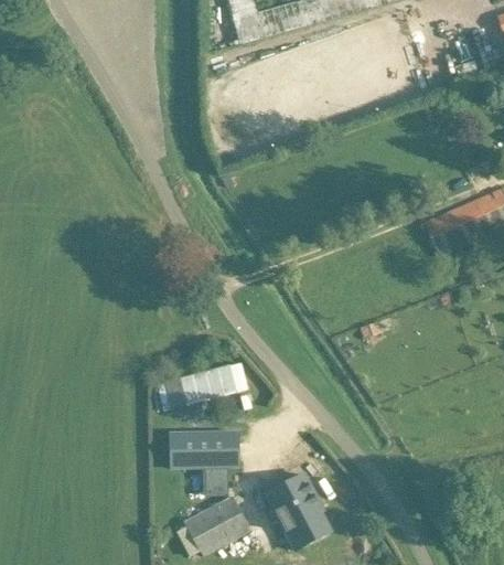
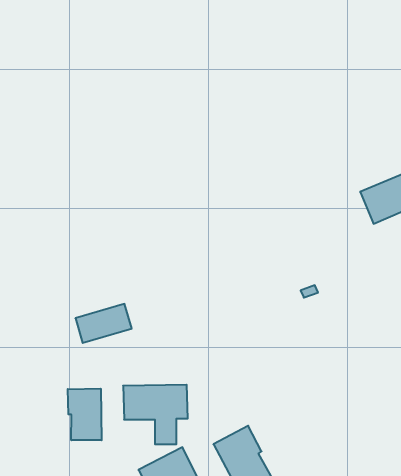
building: [179,361,239,403] -> [75,304,132,343]
building: none -> [68,389,102,440]

